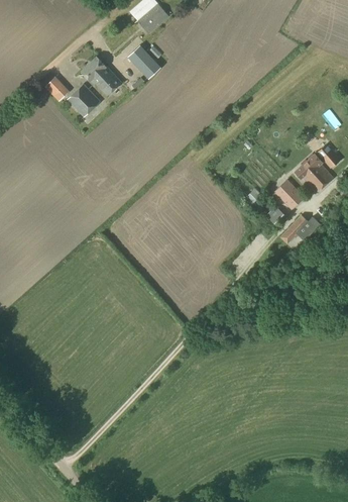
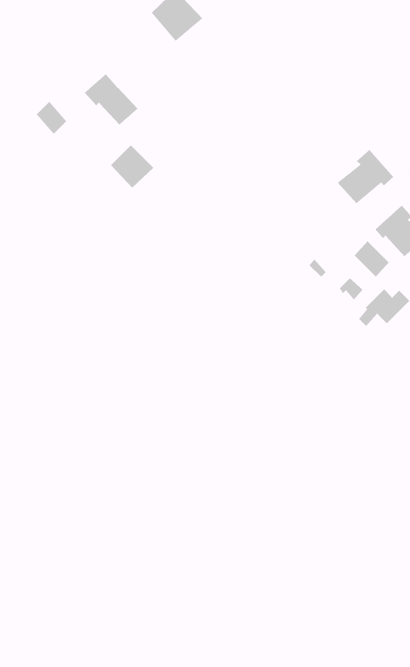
building: [128,44,160,79] -> none
building: [68,85,100,117] -> [110,144,154,188]
building: none -> [337,149,394,204]

